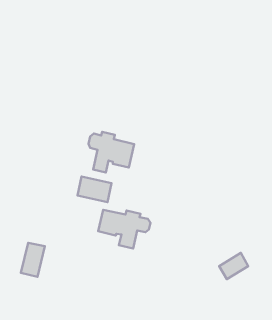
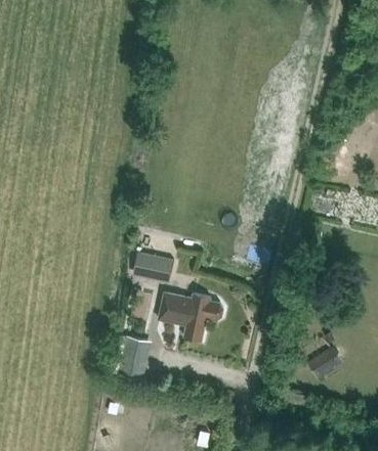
building: [89,132,134,172] -> none
building: [21,243,45,277] -> [119,337,149,379]

